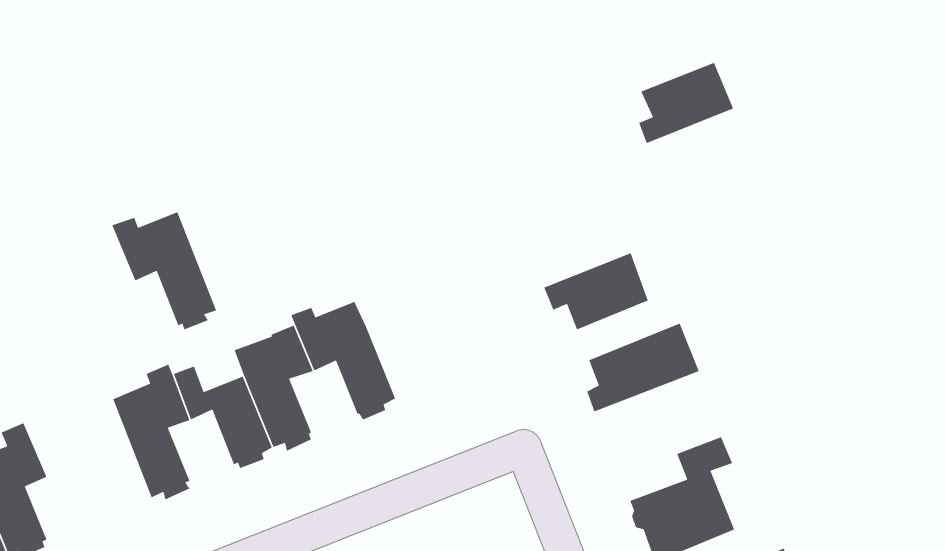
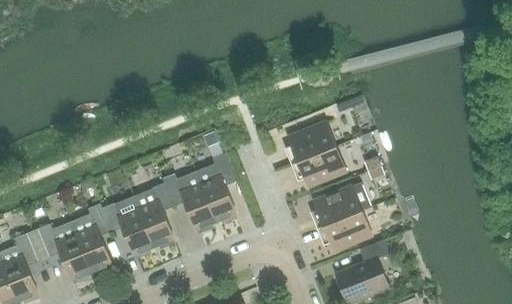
building: [638,62,734,144] -> [287,122,336,164]
building: [111,211,217,330] -> [37,221,91,282]
building: none -> [195,153,236,222]
building: none -> [317,211,371,250]

